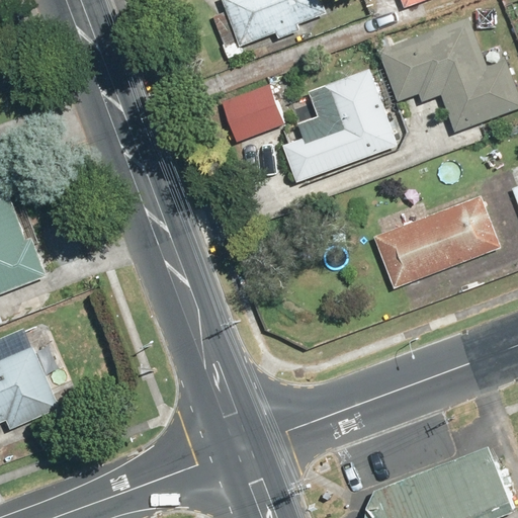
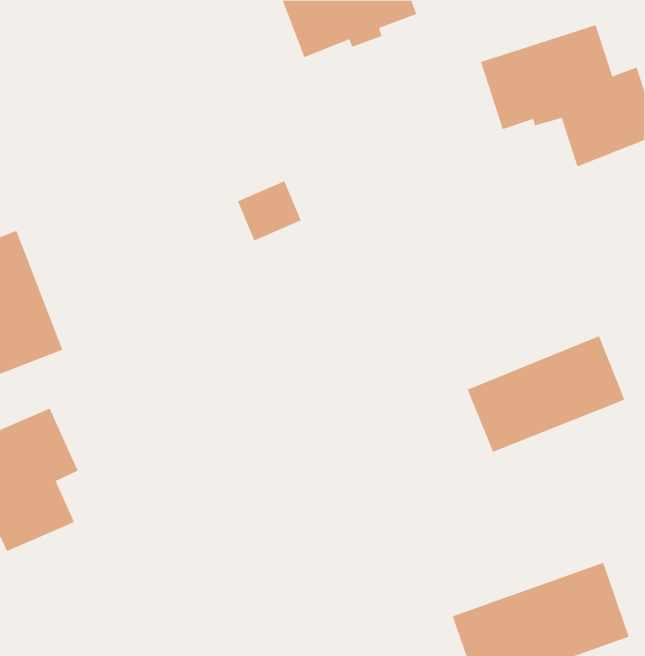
building: [281,70,396,183] -> none
building: [233,91,283,139] -> [237,181,301,241]
building: [373,196,498,288] -> [467,335,625,452]

